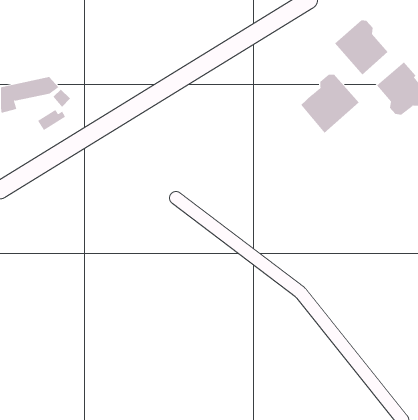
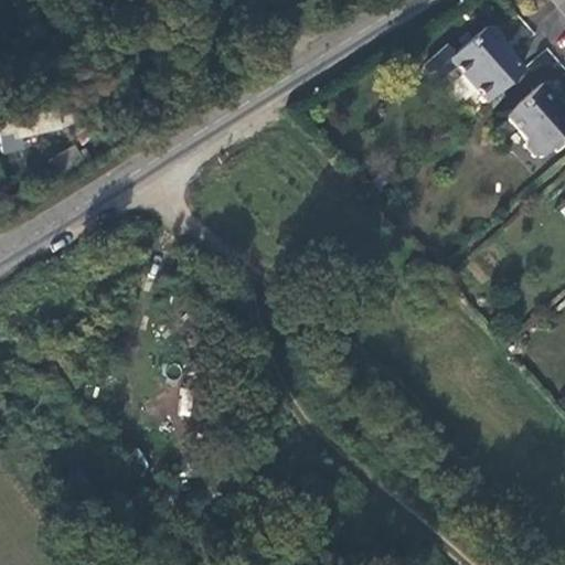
building: [300,74,359,133] -> none

